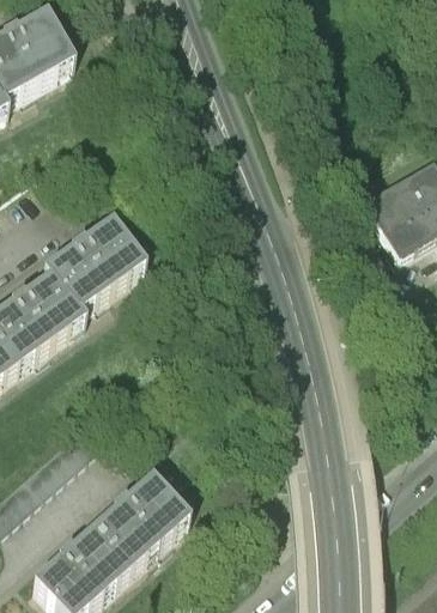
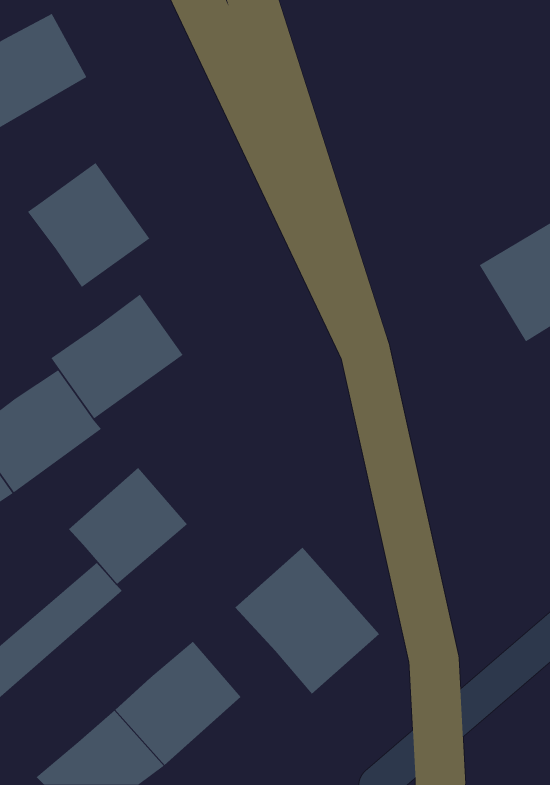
building: none -> [27,162,150,288]
building: none -> [68,467,188,585]
building: none -> [235,547,380,695]

